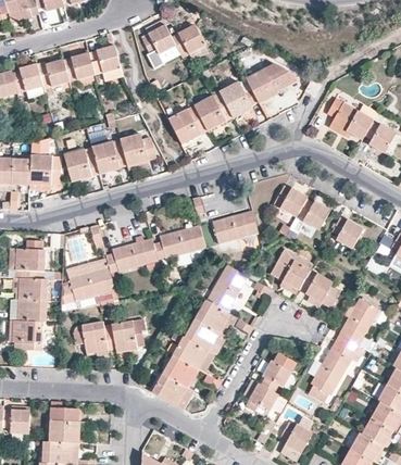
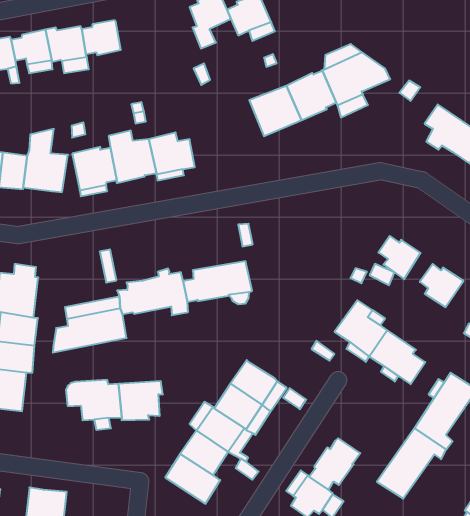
building: [89,45,124,81] -> none
building: [168,104,206,143] -> none
building: [274,185,308,216] -> none
building: [213,210,259,243] -> none
building: [208,264,249,311] -> none

